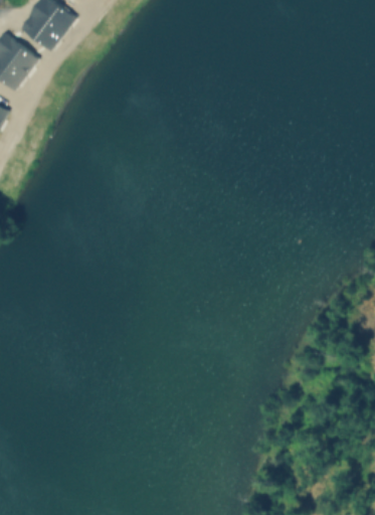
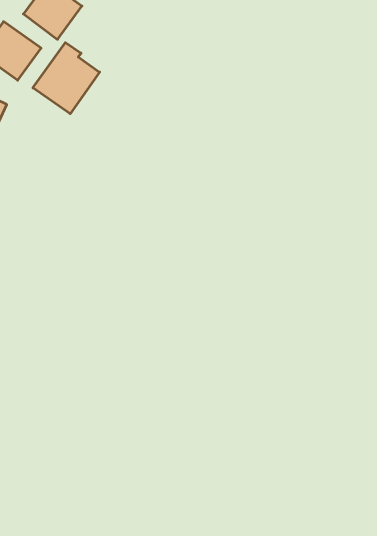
building: none -> [33,43,100,114]

